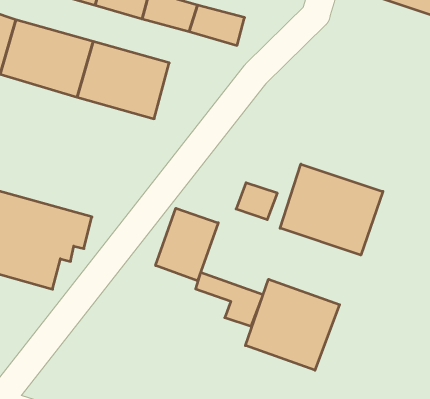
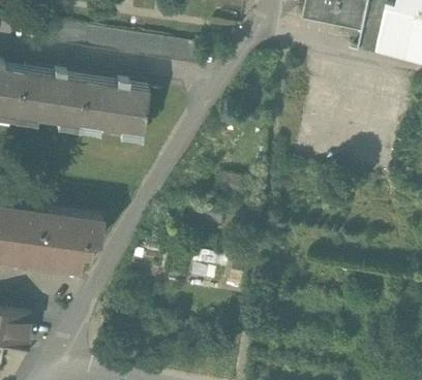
building: [280,164,383,255] -> none
building: [156,208,218,281] -> none
building: [245,279,340,370] -> none

